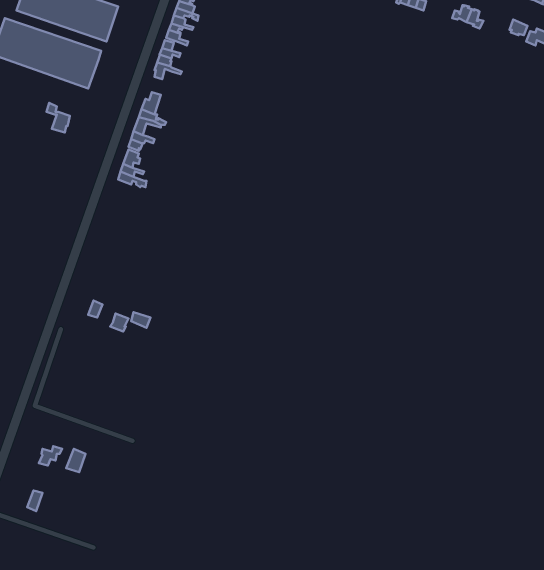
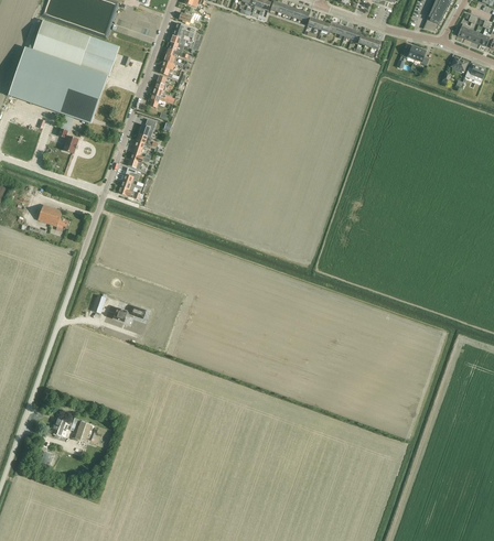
building: none -> [35,205,67,229]

